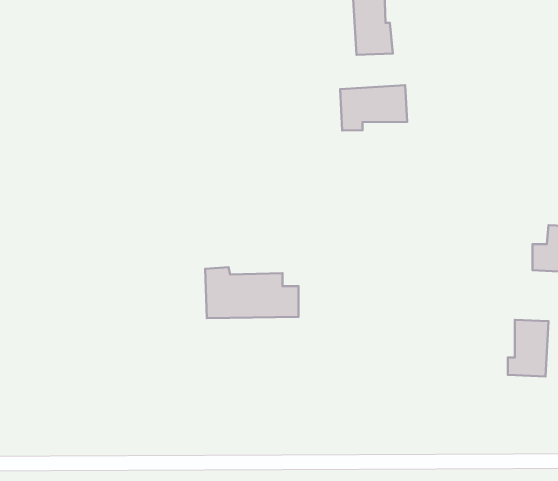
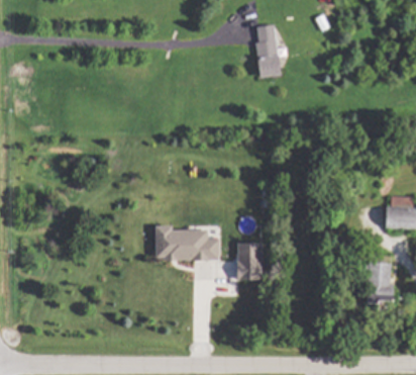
building: [340,85,407,130] -> none
building: none -> [235,242,256,280]

